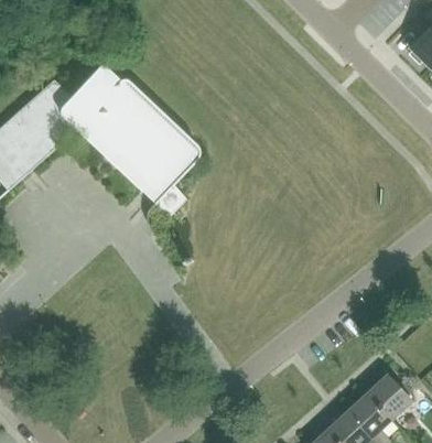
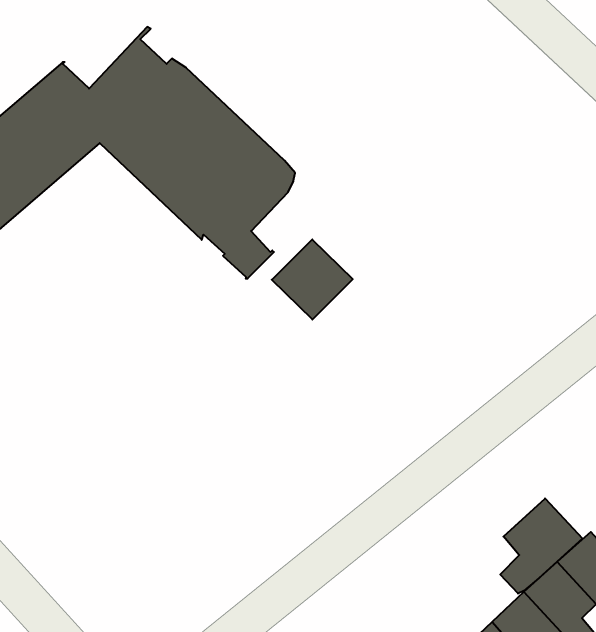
building: none -> [272,239,353,320]
building: none -> [500,498,583,594]

